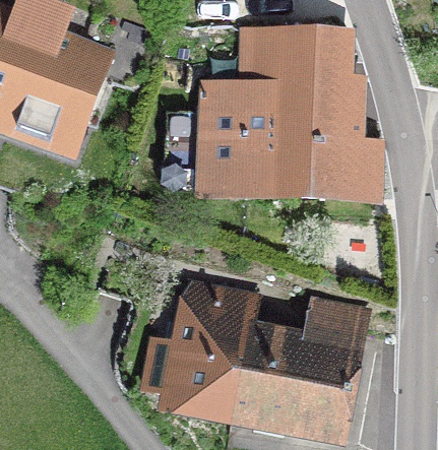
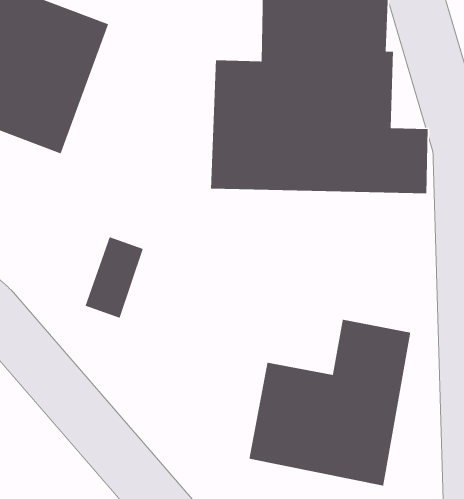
building: [141,279,254,411] -> none

